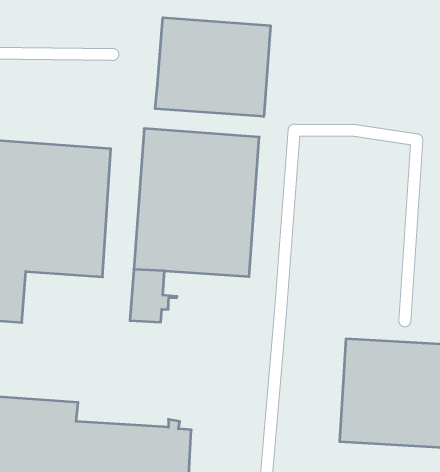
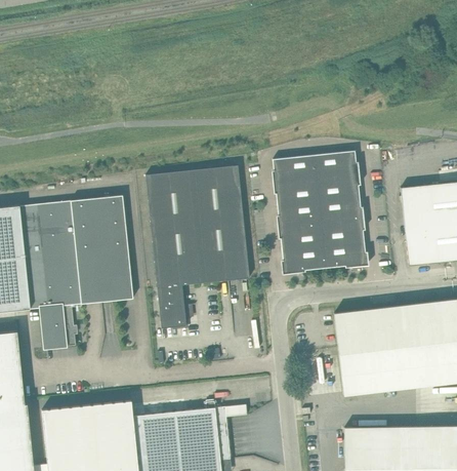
building: [155,18,270,117] -> none
building: none -> [273,151,366,273]

